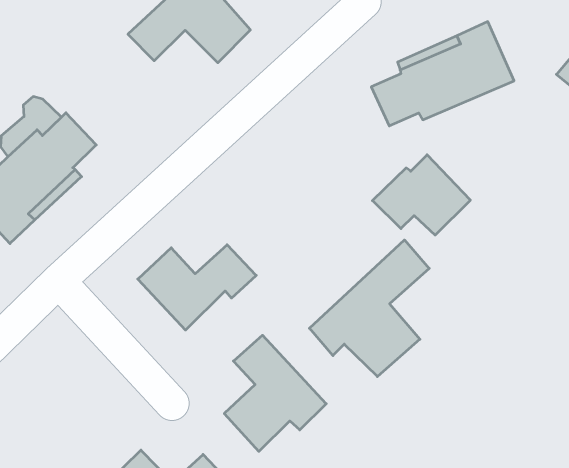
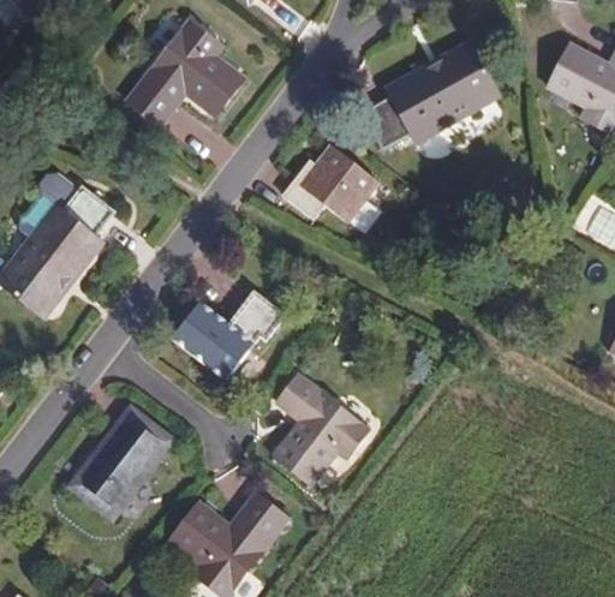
building: [372,155,470,235] -> [282,144,376,220]
building: [309,240,429,377] -> none
building: none -> [72,411,167,514]

